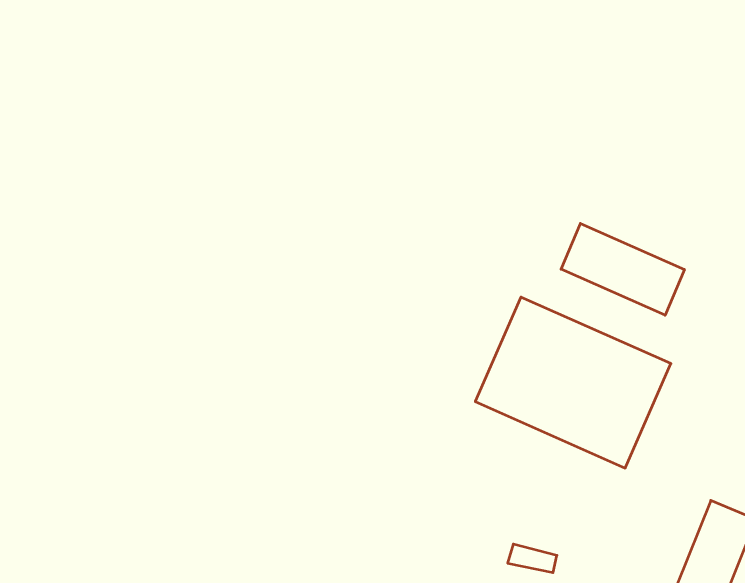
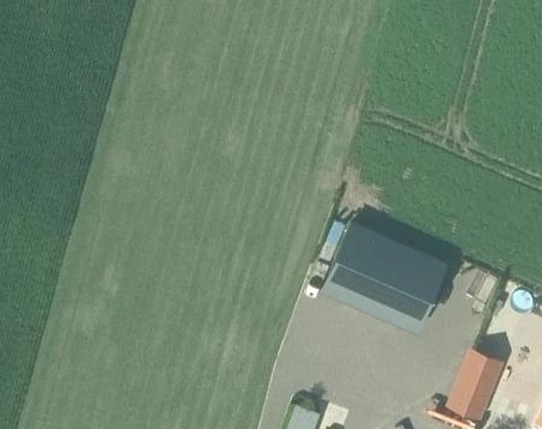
building: [561,223,684,315] -> none

